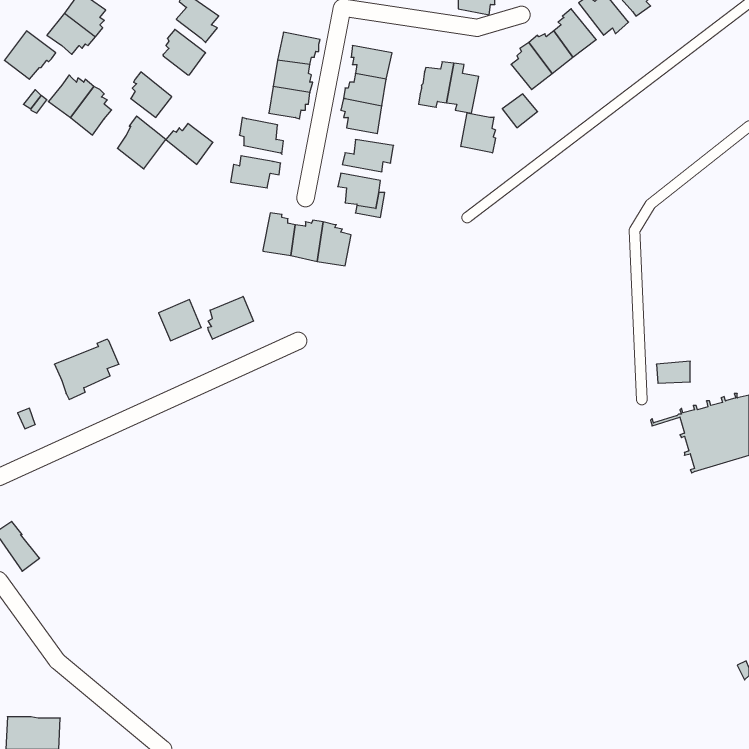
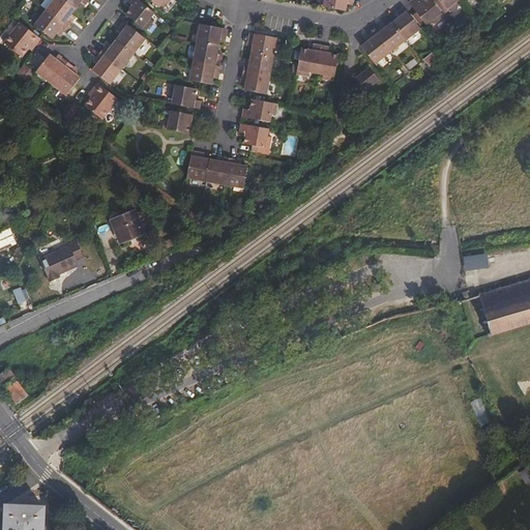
building: [461,113,496,153] -> none
building: [166,123,213,164] -> [99,39,132,68]
building: [208,296,254,339] -> none

